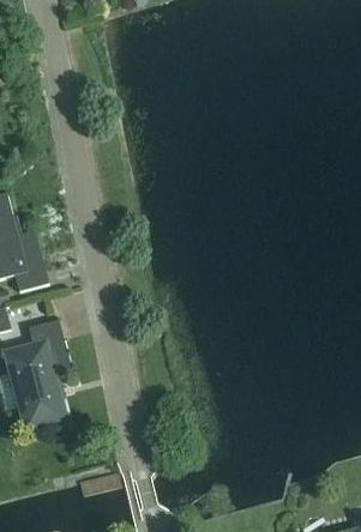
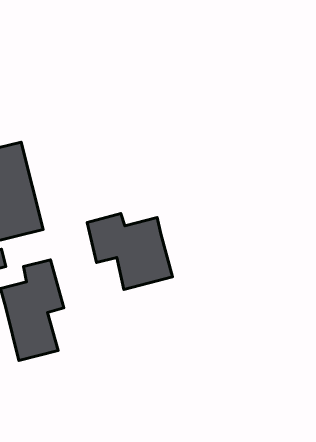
building: none -> [87,214,173,290]

